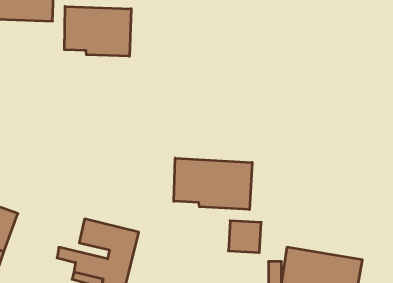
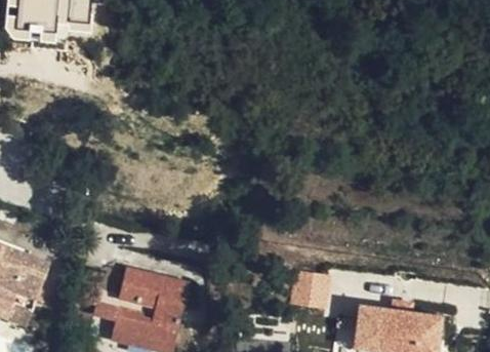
building: [64,6,131,56] -> none
building: [174,158,252,210] -> none

